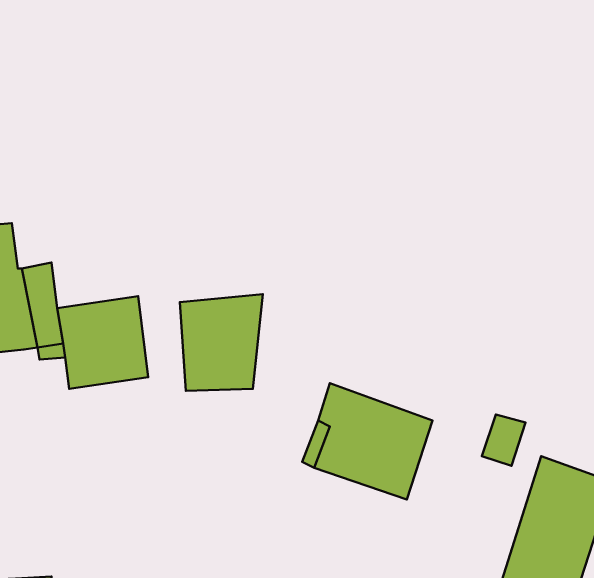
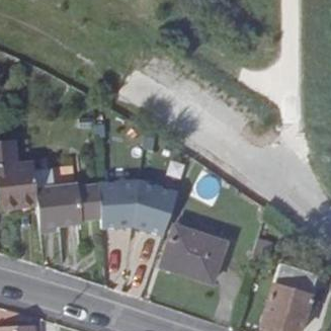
building: none -> [136,179,177,237]

